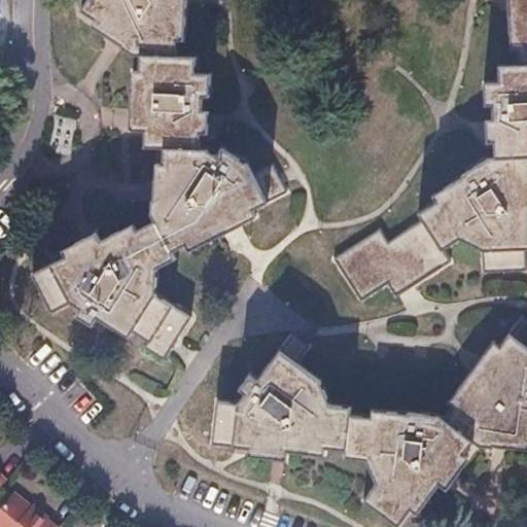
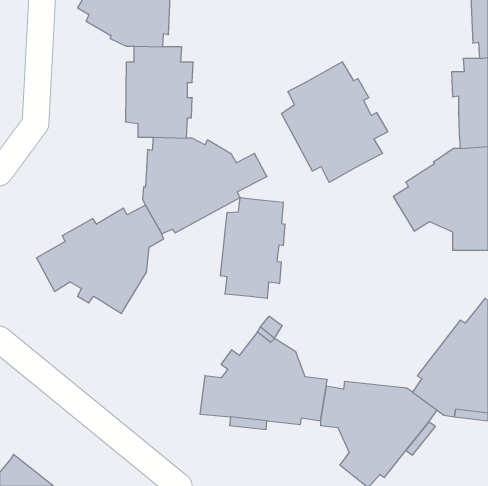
building: none -> [282,62,388,182]
building: none -> [220,197,285,299]
building: [338,218,453,302] -> none
building: [135,292,191,356] -> none

